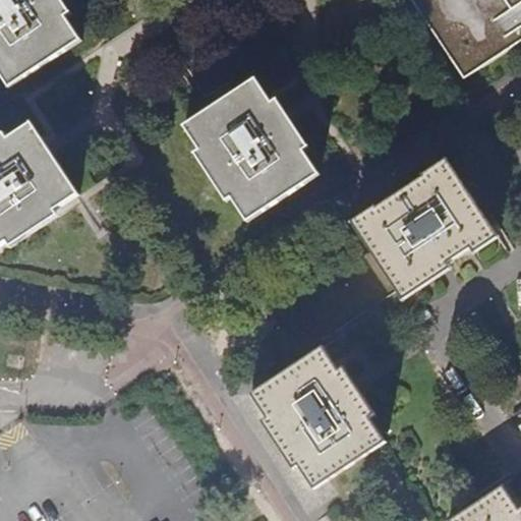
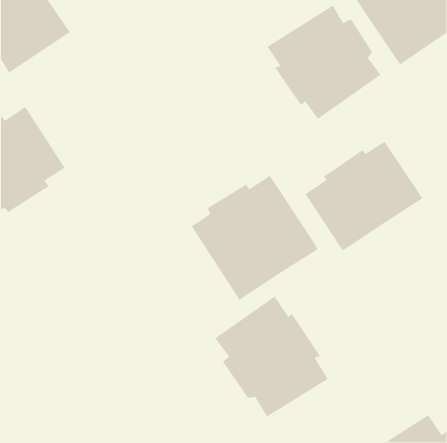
building: none -> [266,4,382,120]
building: [185,76,320,219] -> none
building: none -> [191,175,319,301]

